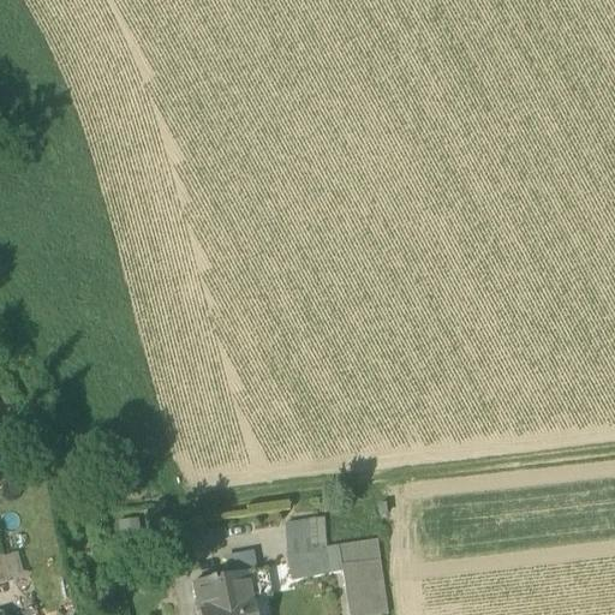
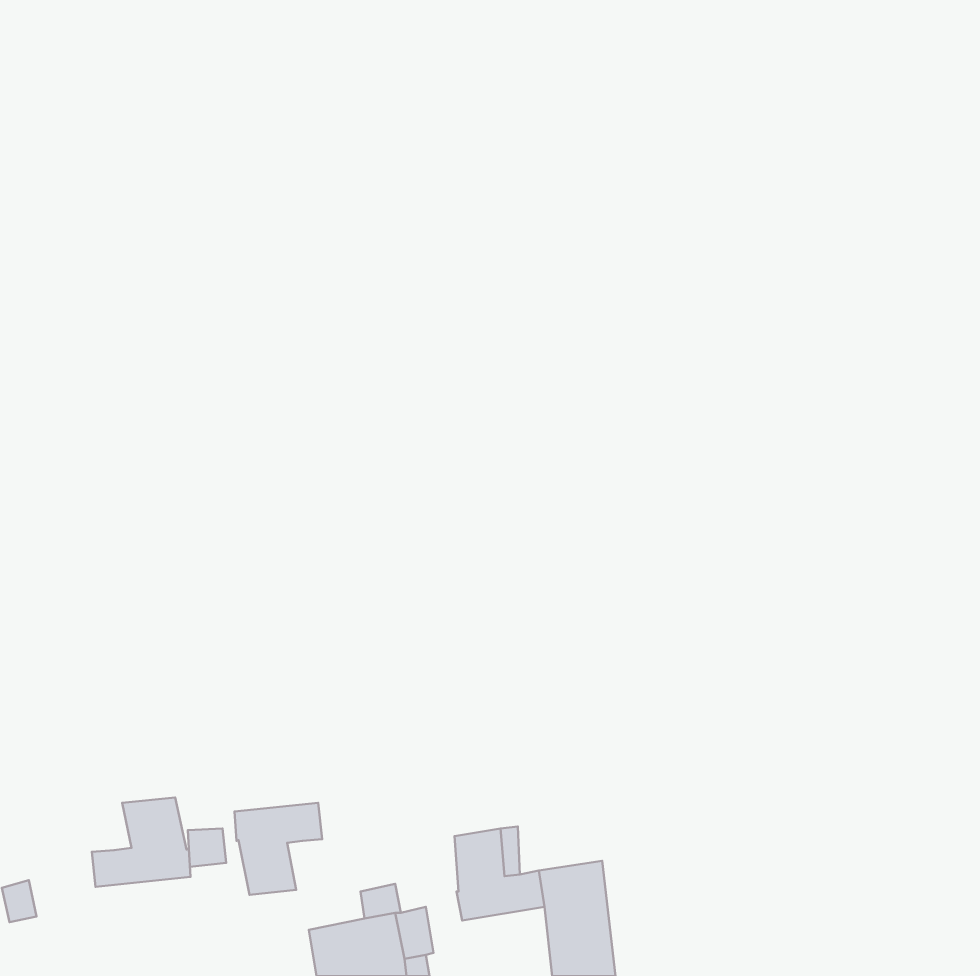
building: none -> [92,797,190,887]
building: none -> [235,803,322,895]

